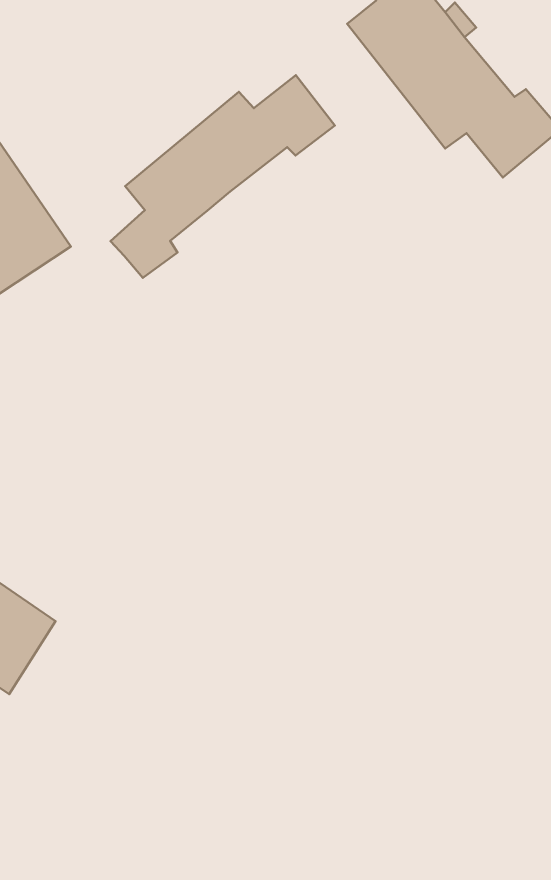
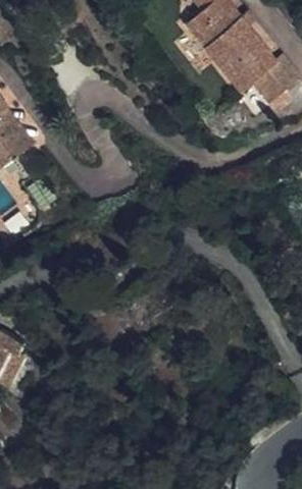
building: [111,75,335,278] -> none

